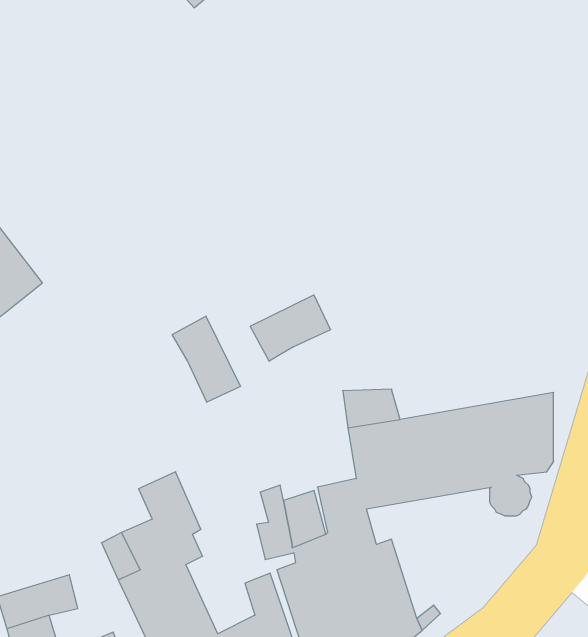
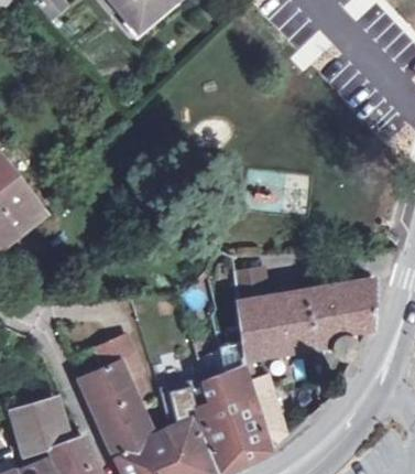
building: [250,295,330,361] -> none
building: [172,316,240,402] -> none

